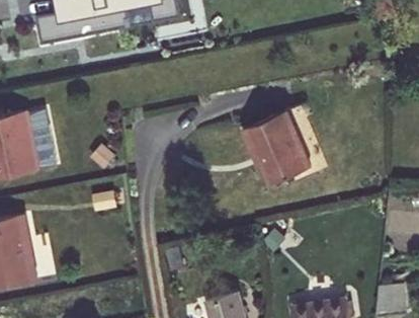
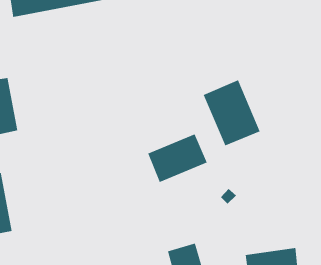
building: none -> [147,133,207,183]

